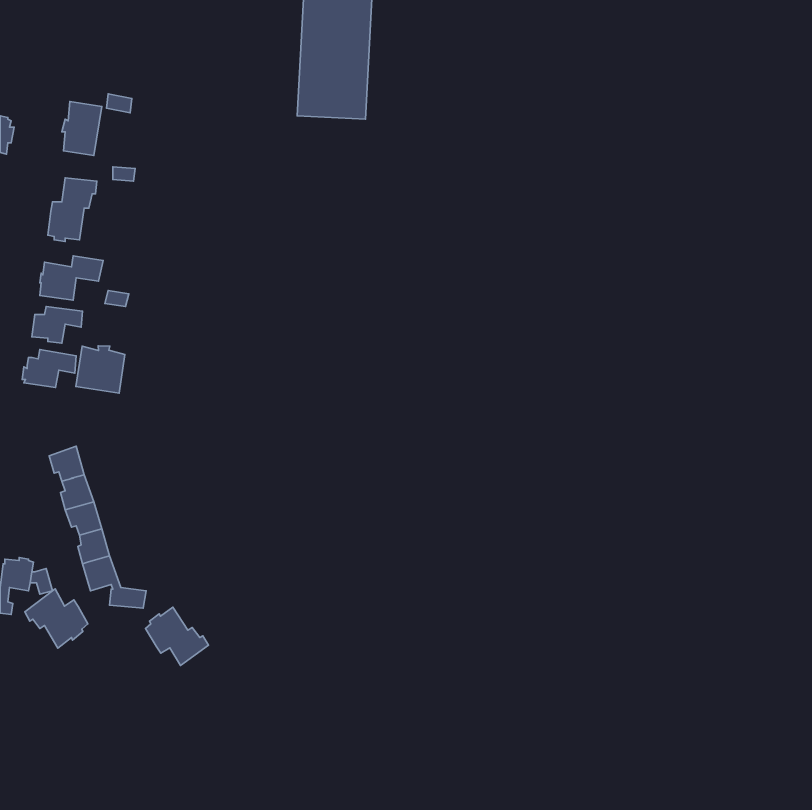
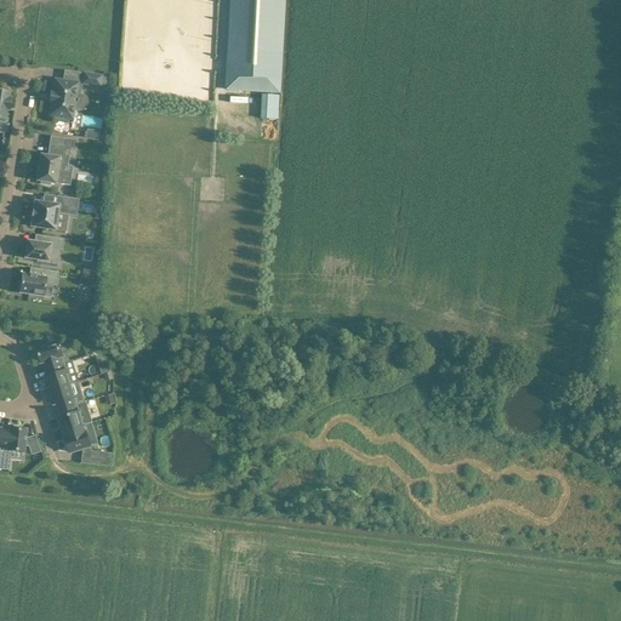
building: [76,346,125,393] -> none
building: [25,589,88,648] -> none
building: [145,607,209,665] -> none

